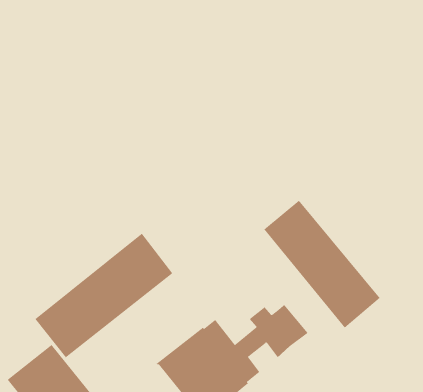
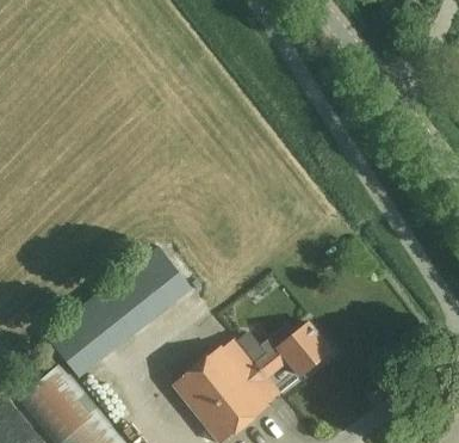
building: [263,200,381,328] -> none

